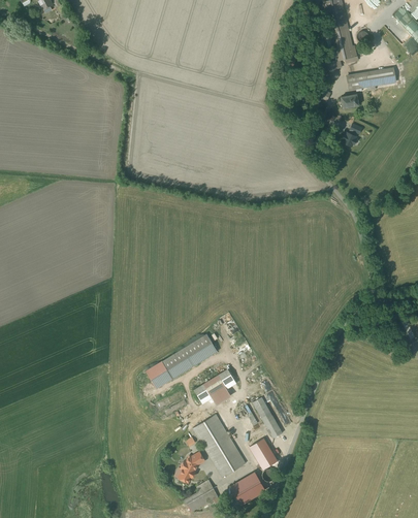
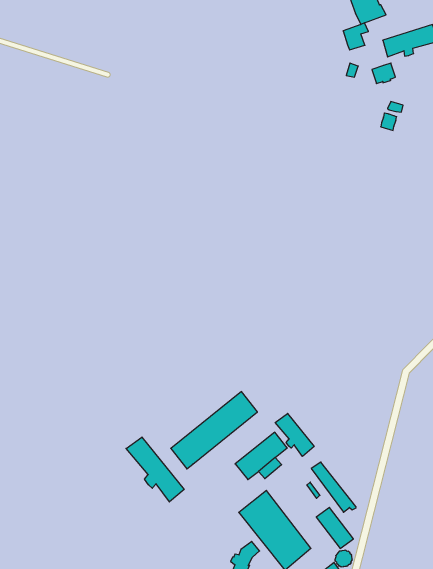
building: none -> [275,413,314,456]
building: none -> [126,437,184,502]

